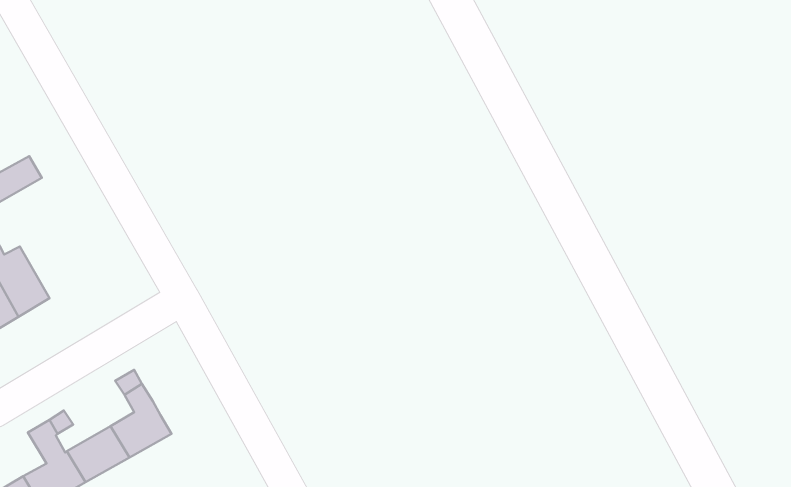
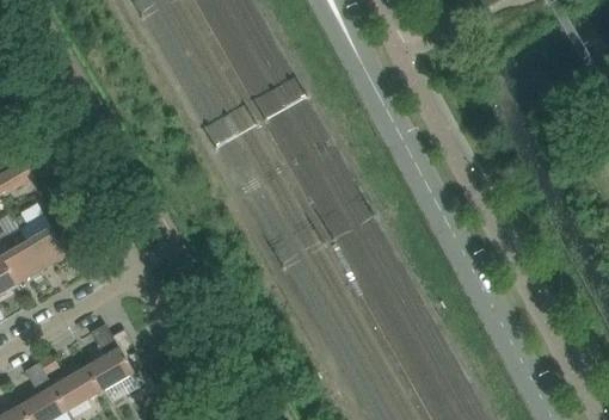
building: none -> [16,215,70,270]

